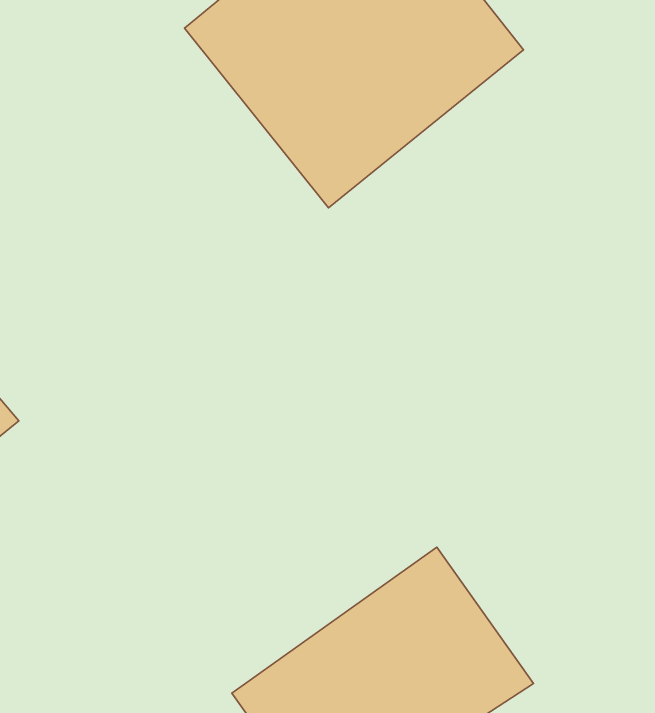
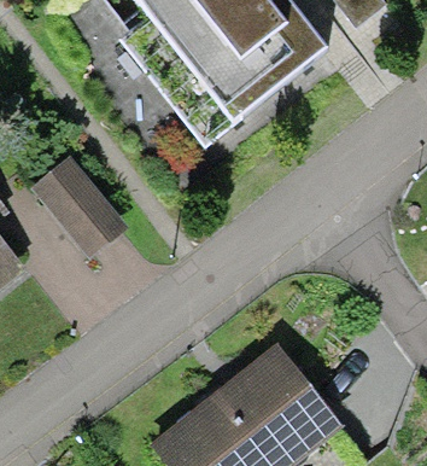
building: none -> [43,146,139,250]

